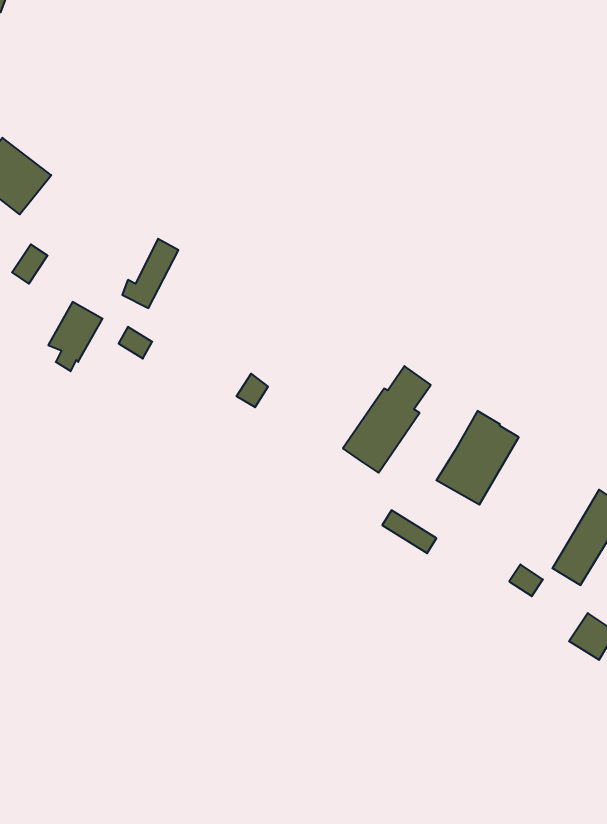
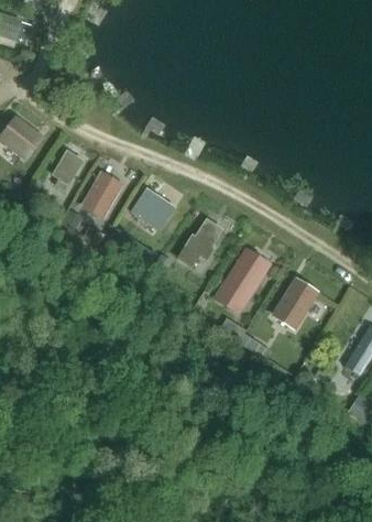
building: none -> [138,193,175,229]
building: [48,302,103,371] -> [51,150,83,191]
building: none -> [176,217,225,268]

